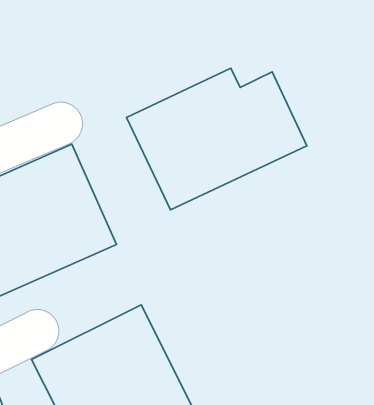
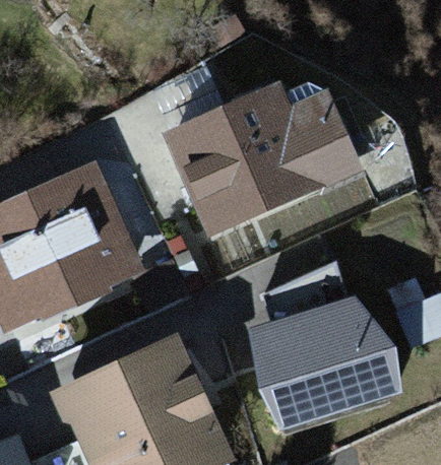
building: none -> [239,289,396,430]

